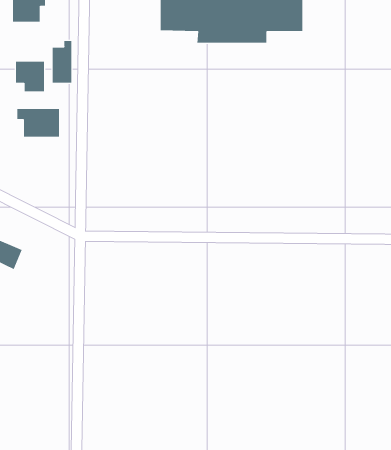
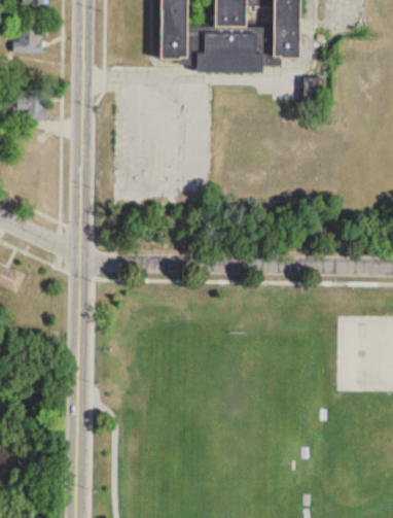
building: [52,40,72,83] -> none
building: [17,108,59,137] -> none

